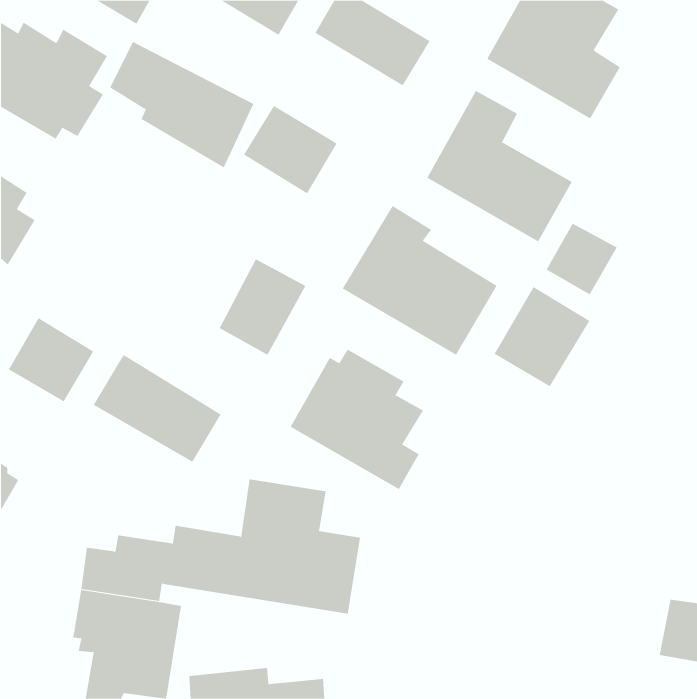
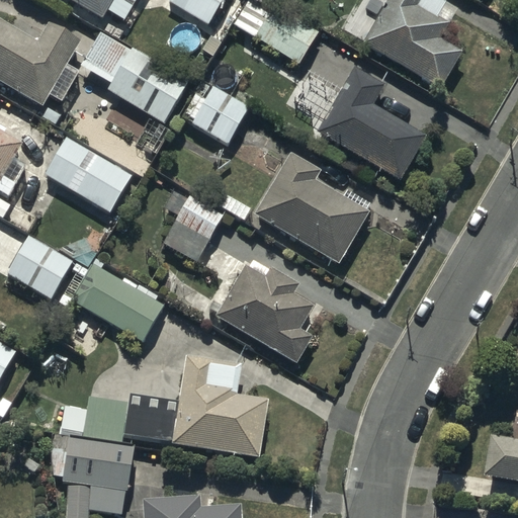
building: none -> [40,132,134,215]
building: [546,223,618,295] -> none
building: [494,286,590,387] -> none

